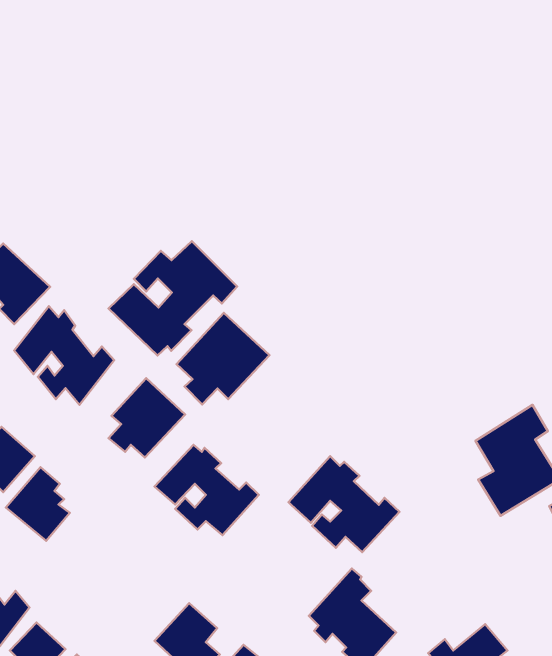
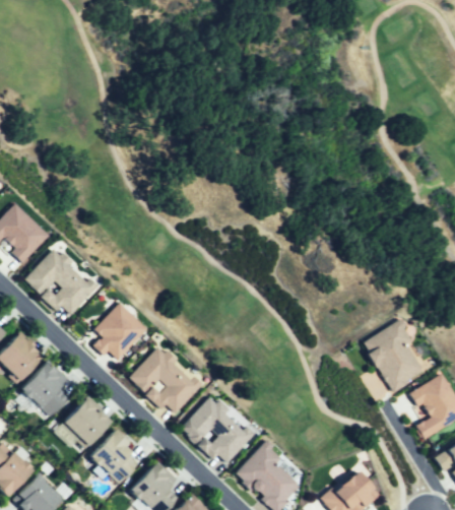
building: [109,241,237,356] -> none
building: [177,313,269,405] -> none
building: [288,456,400,552] -> [179,394,260,464]
building: none -> [54,399,108,448]
building: none -> [89,431,132,484]

